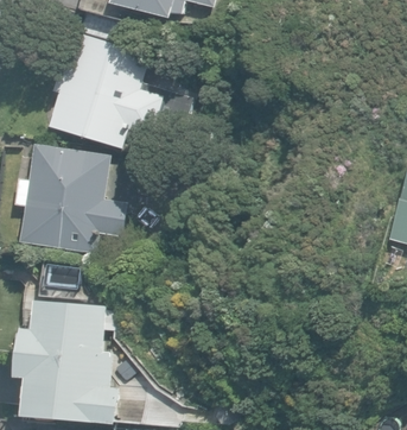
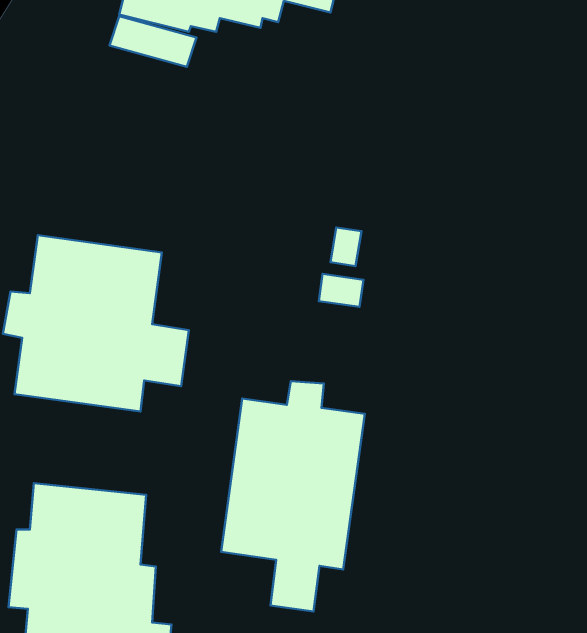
building: [50,31,165,148] -> none
building: none -> [221,381,365,612]

